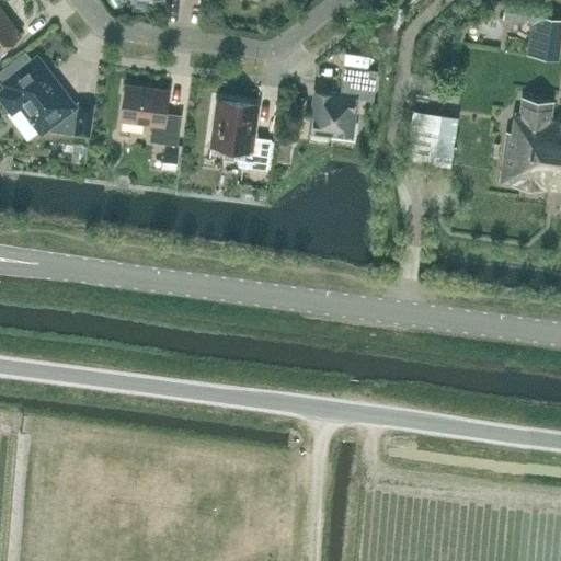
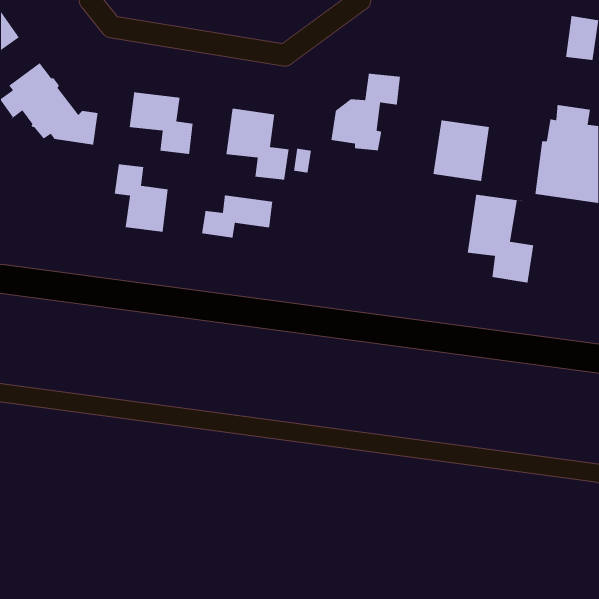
building: none -> [114,164,171,233]
building: none -> [467,194,534,283]
building: none -> [201,194,273,238]

